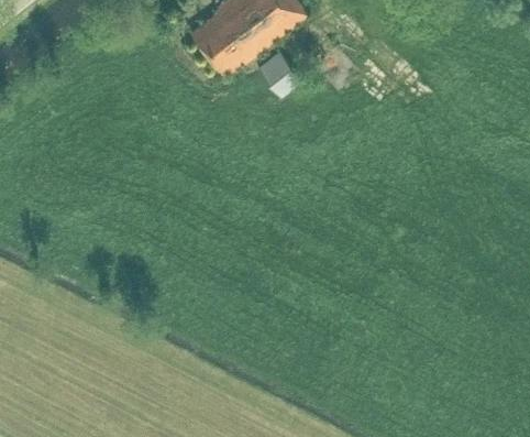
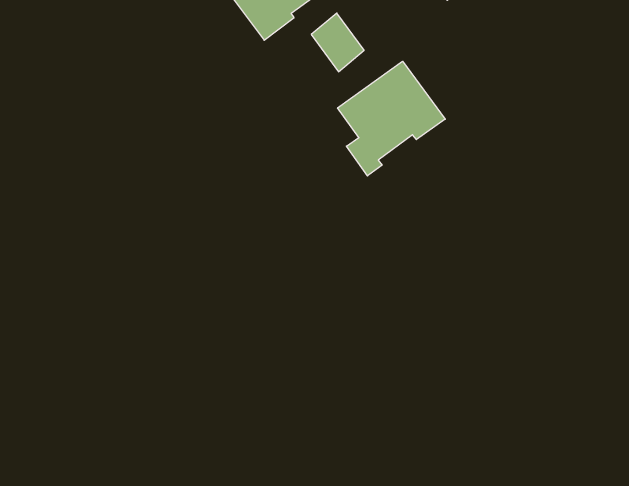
building: none -> [338,61,445,176]

